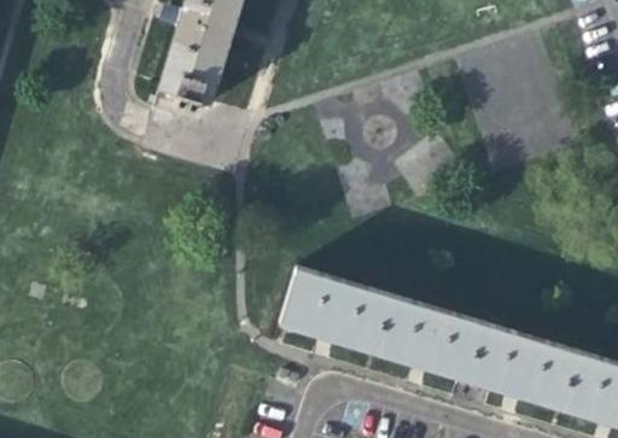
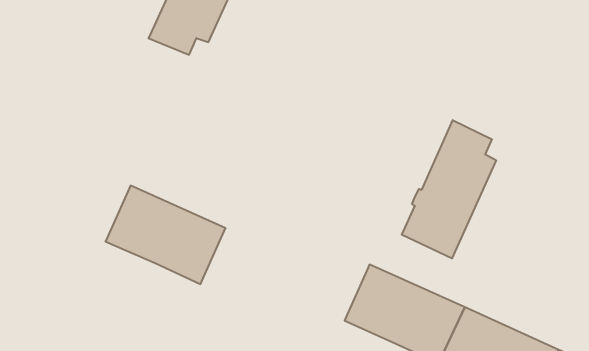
building: none -> [402,120,496,258]
building: [280,267,393,352] -> [105,186,226,284]

